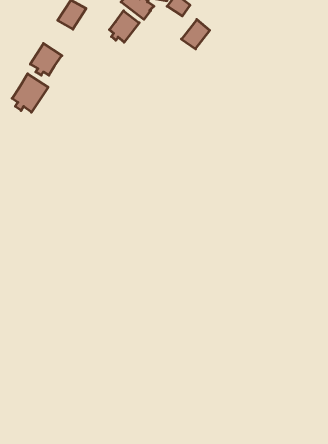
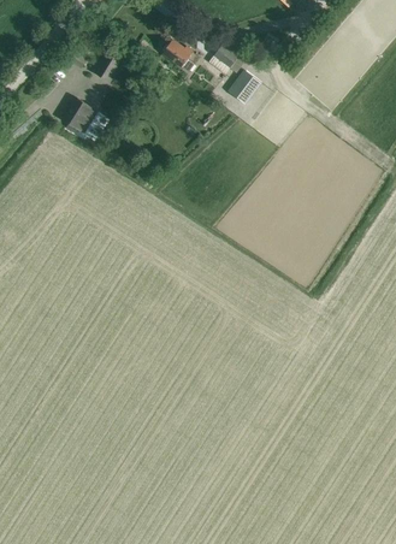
building: [109,11,139,42] -> none
building: [12,74,48,112] -> none

